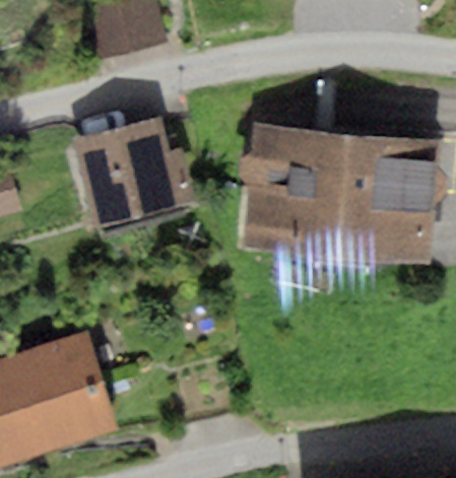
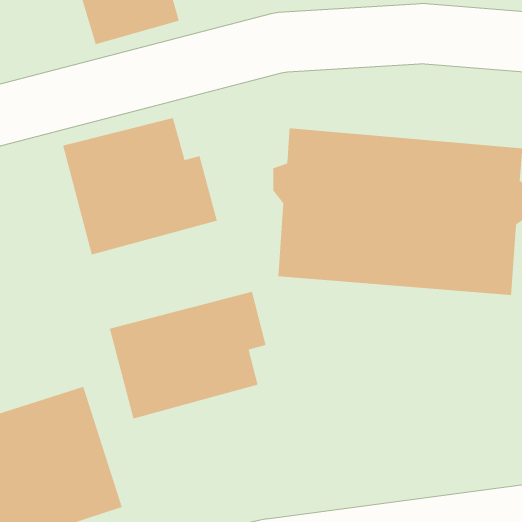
building: none -> [109,291,267,420]

